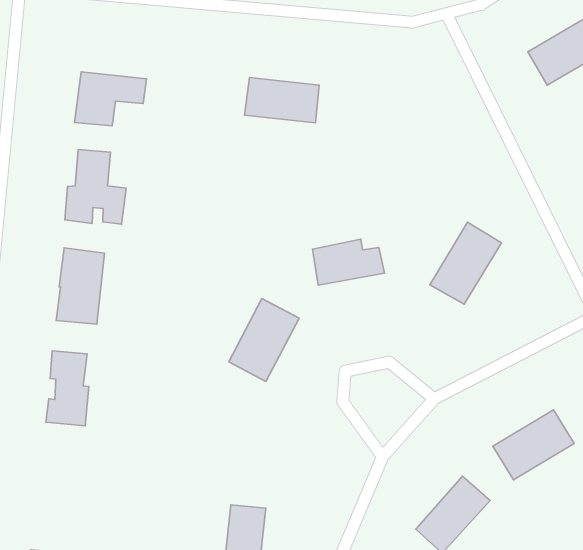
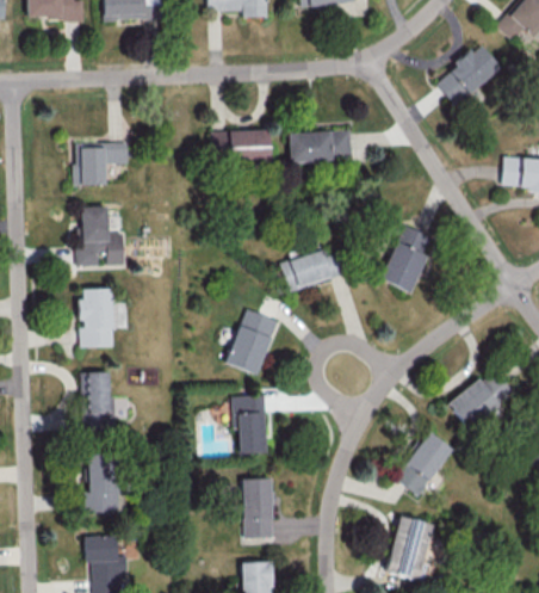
building: none -> [290,130,352,161]
building: none -> [233,395,267,453]
building: none -> [87,457,119,513]

